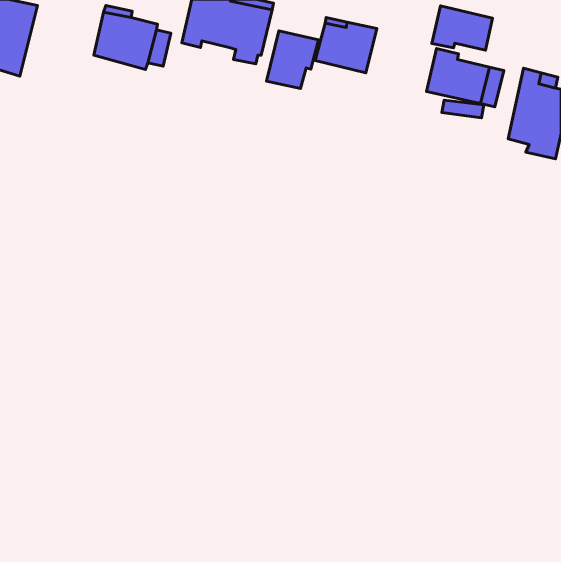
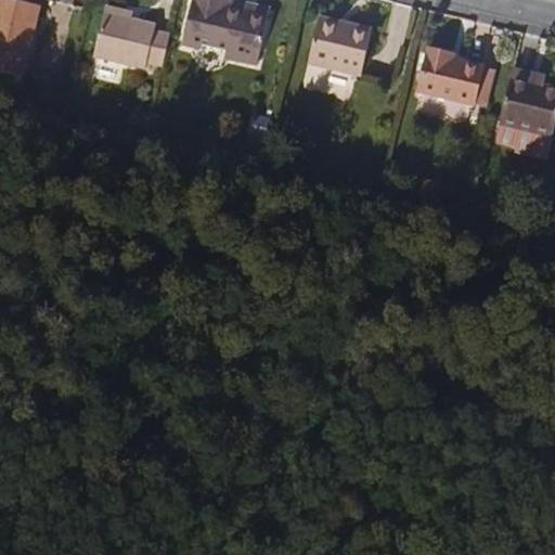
building: [432,6,493,50] -> none
building: [267,31,318,88] -> none

